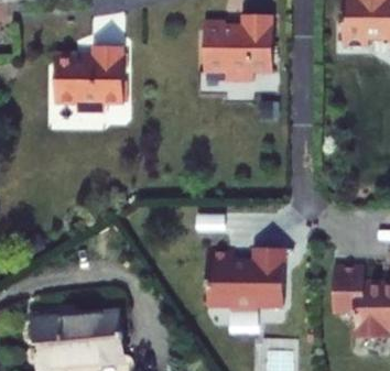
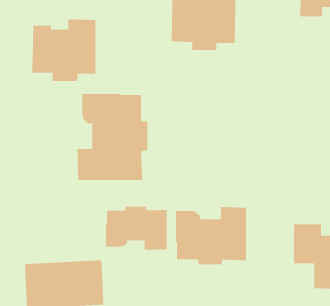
building: none -> [77,93,148,181]
building: none -> [106,206,167,250]

